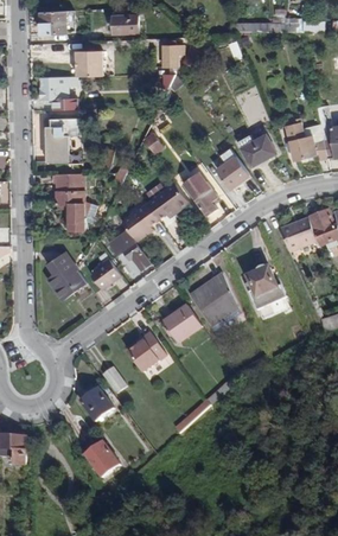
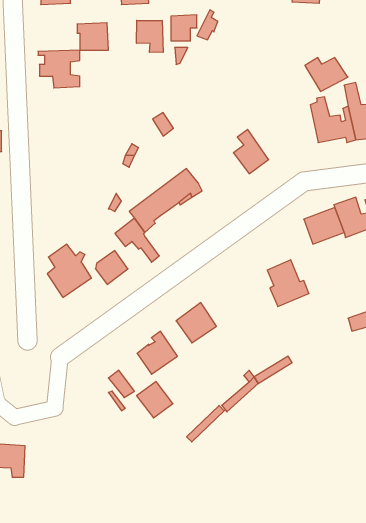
building: none -> [137,20,163,52]
building: [46,117,81,159] -> none
building: [237,134,276,165] -> [305,58,348,91]
building: [56,172,98,230] -> none
building: [181,173,216,217] -> none
building: [190,273,240,331] -> none
building: [79,387,113,420] -> [137,382,173,418]
building: [84,440,119,477] -> none

